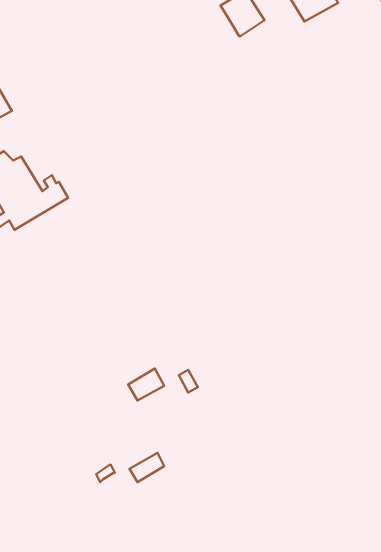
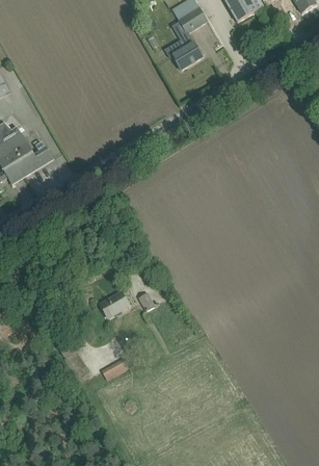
building: none -> [165,23,203,70]

